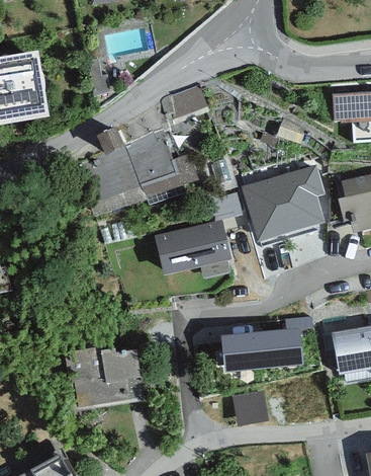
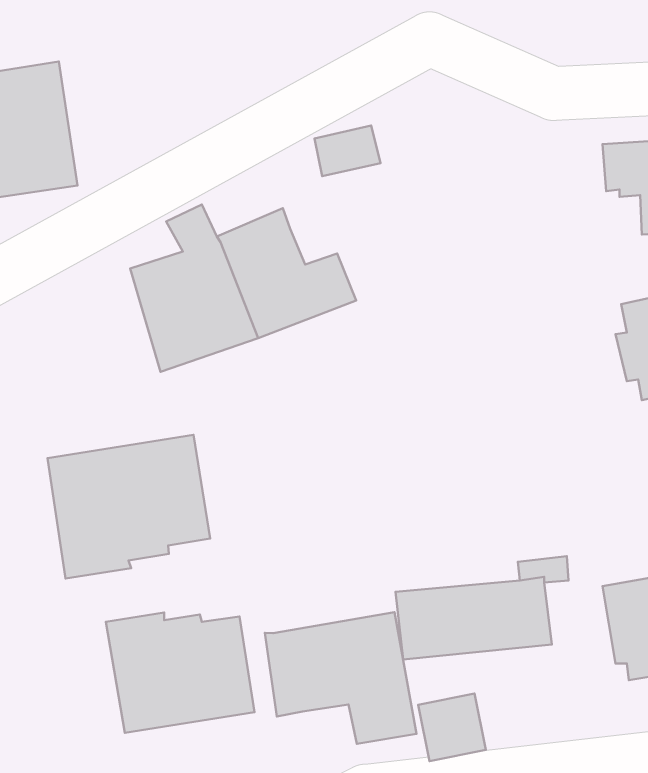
building: [242,163,326,241] -> none
building: [155,219,231,276] -> none
building: none -> [48,435,210,578]
building: none -> [265,612,416,744]

